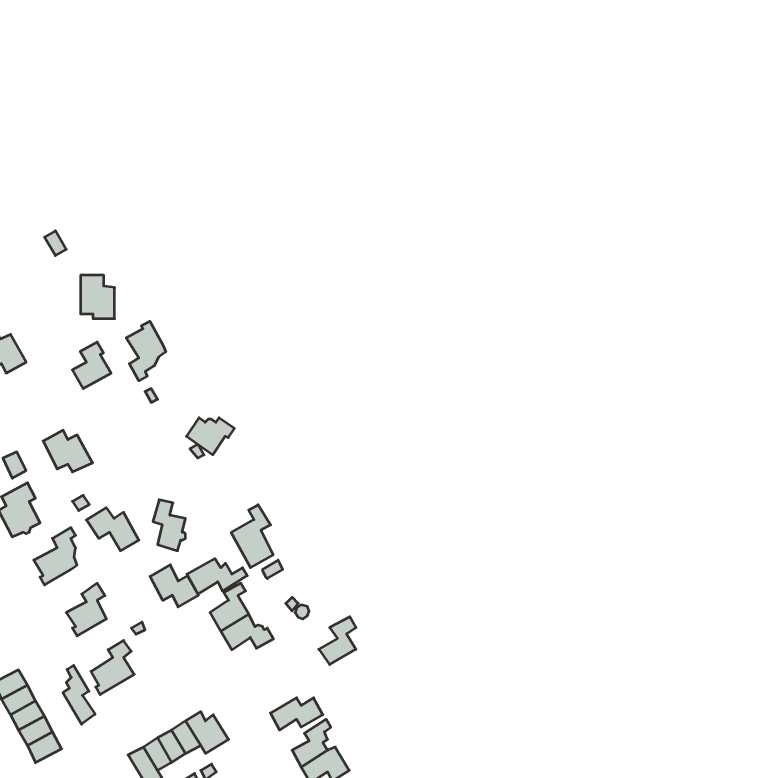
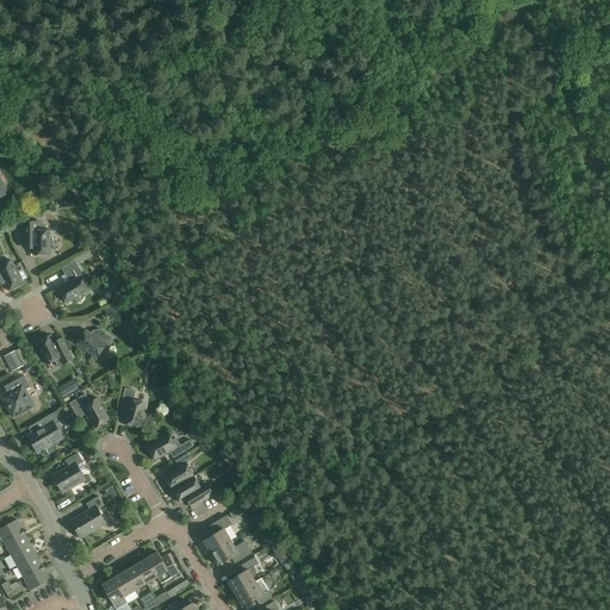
building: [81,275,115,319] -> [23,220,49,254]
building: [126,321,166,381] -> none
building: [186,418,234,455] -> [75,329,112,357]
building: [231,505,273,568] -> none
building: [150,565,198,607] -> none
building: [319,617,356,665] -> [201,515,230,552]
building: [63,665,95,724] -> none

